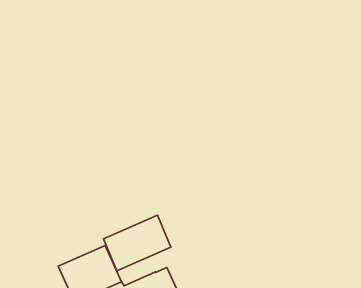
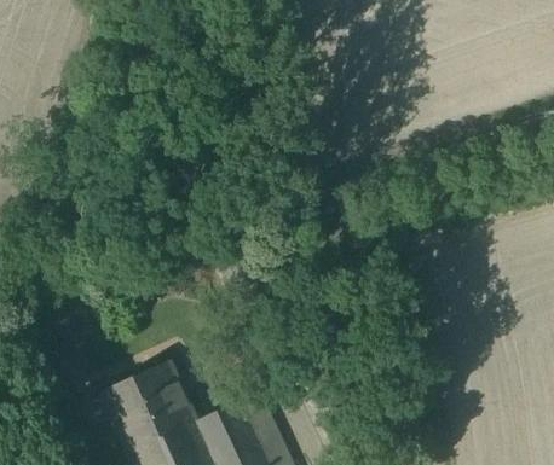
building: [103,215,171,271] -> none

